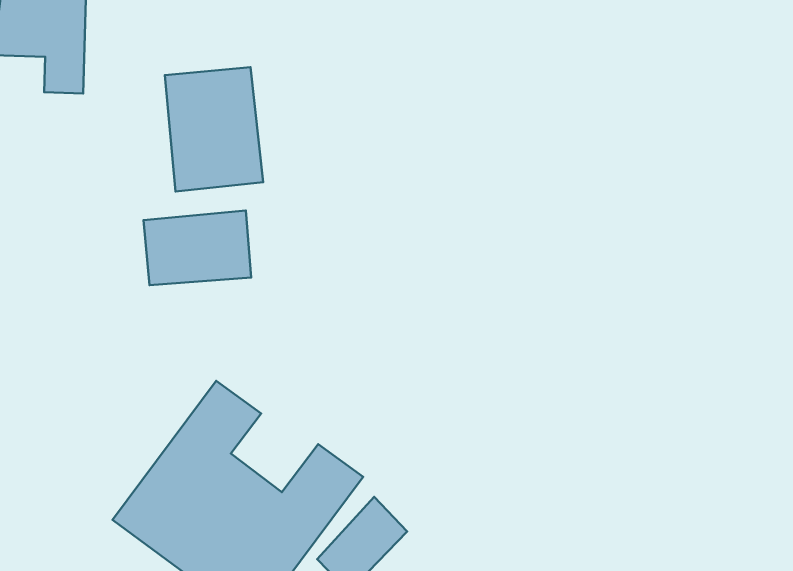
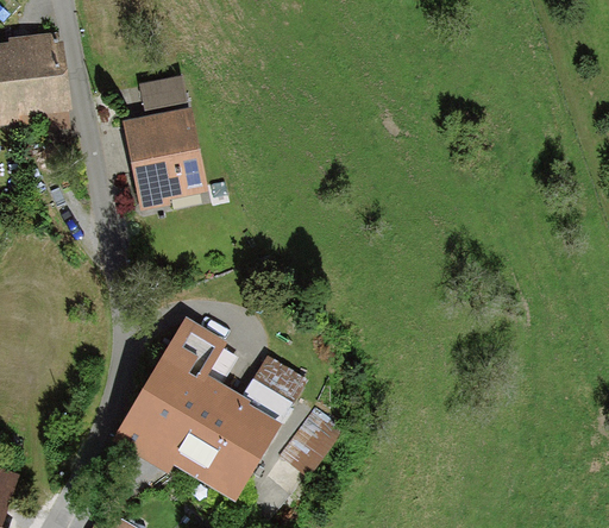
building: none -> [139,75,182,112]
building: [143,211,251,285] -> none

